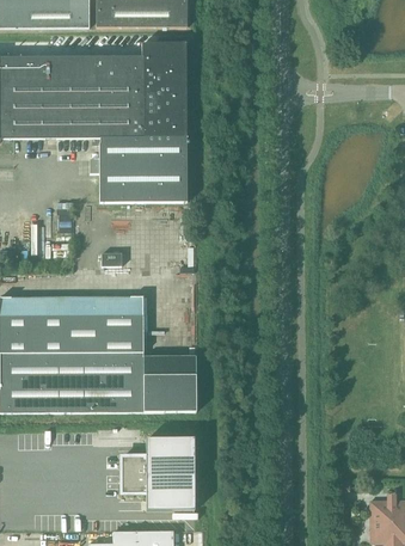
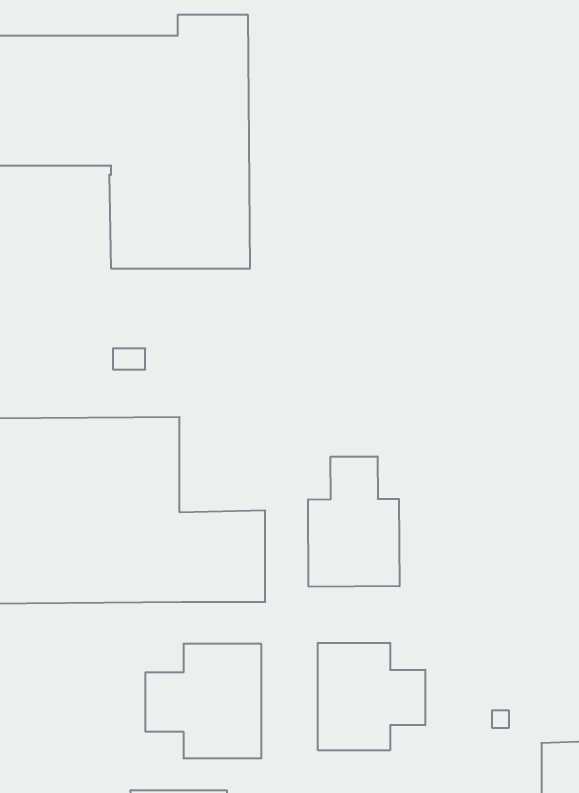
building: none -> [308,456,400,587]
building: none -> [318,643,425,750]

